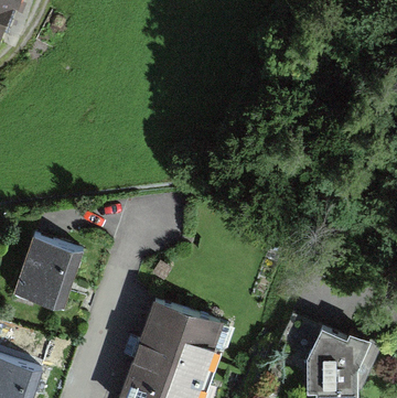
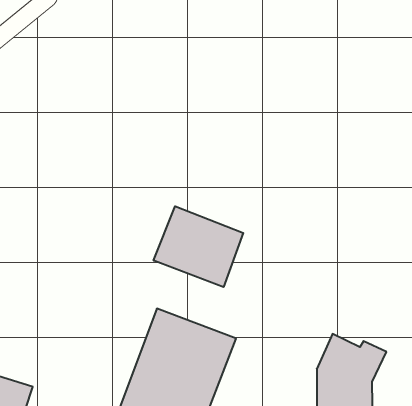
building: none -> [154,206,243,287]
building: [18,236,78,304] -> none

